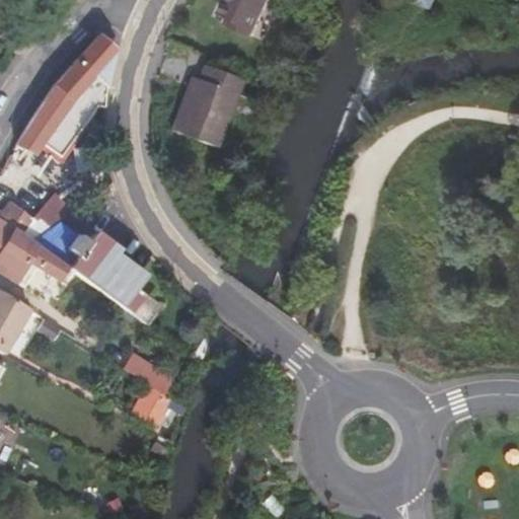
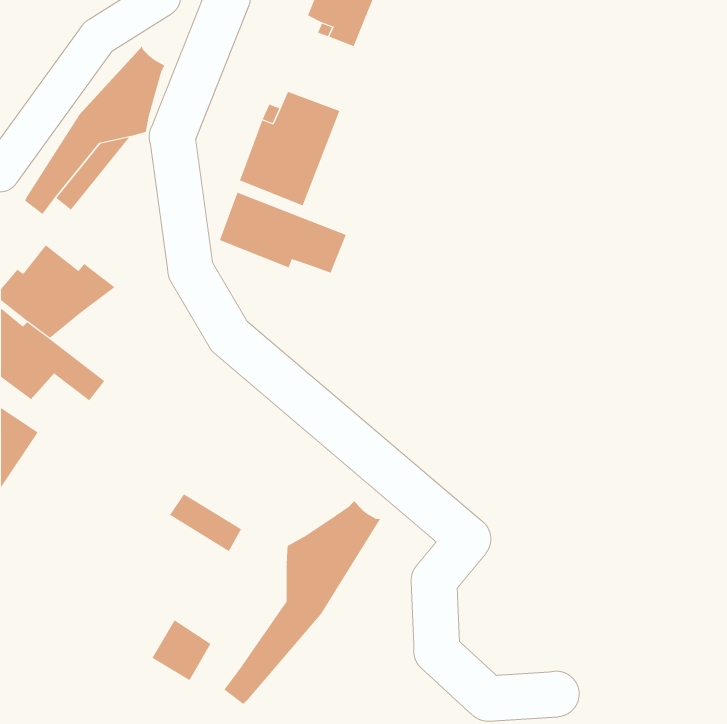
building: none -> [219,192,347,274]
building: [35,223,141,312] -> none
building: none -> [223,501,381,705]
building: [129,384,171,428] -> [151,620,211,681]

